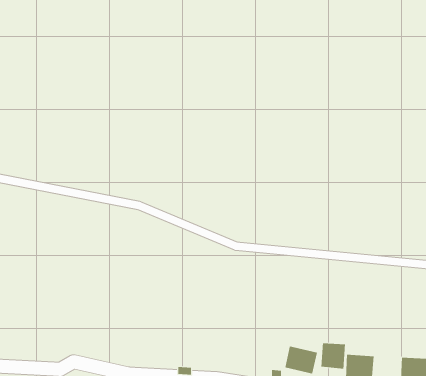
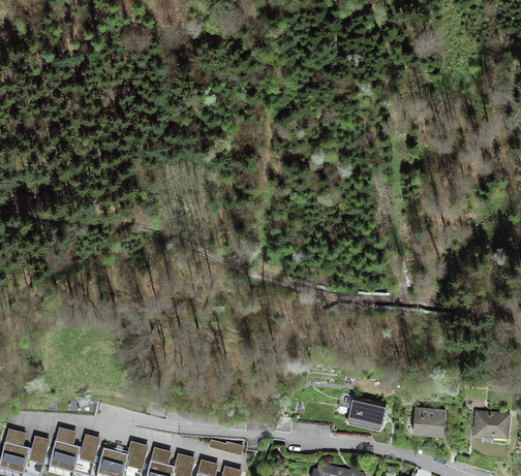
building: [321,343,346,369] -> none

